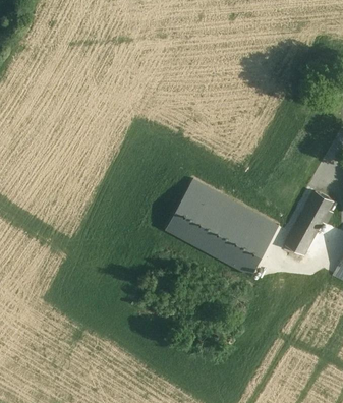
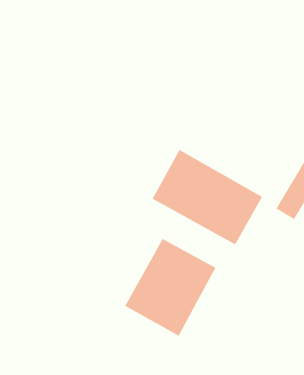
building: none -> [125,238,216,336]

